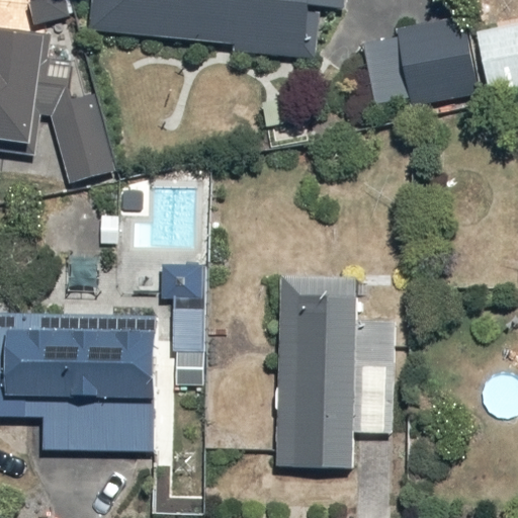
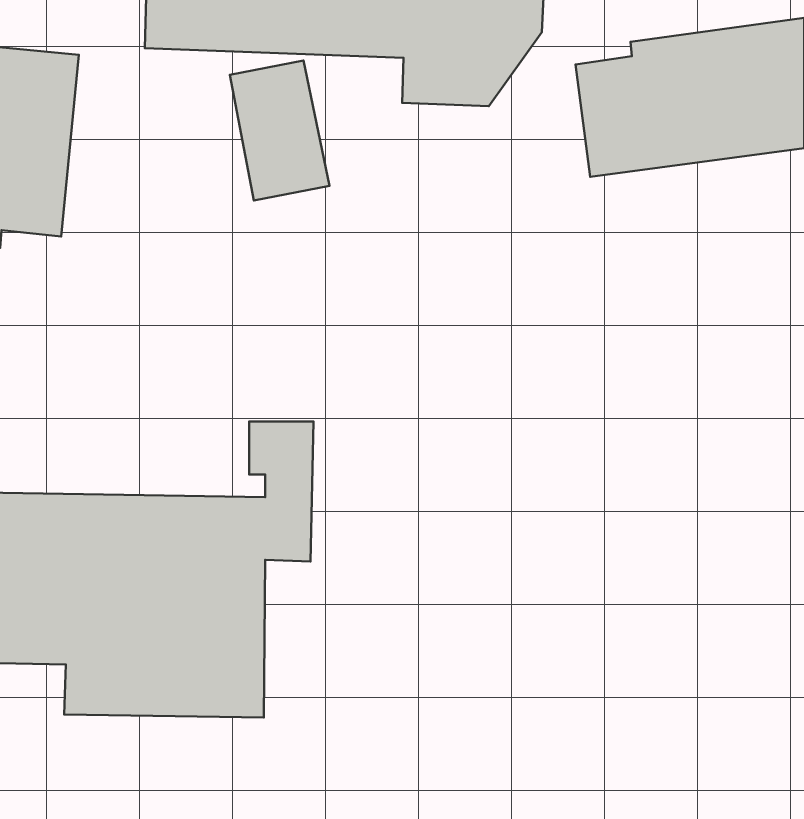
building: [48,104,110,192] -> [230,60,329,200]
building: [274,273,392,471] -> none

